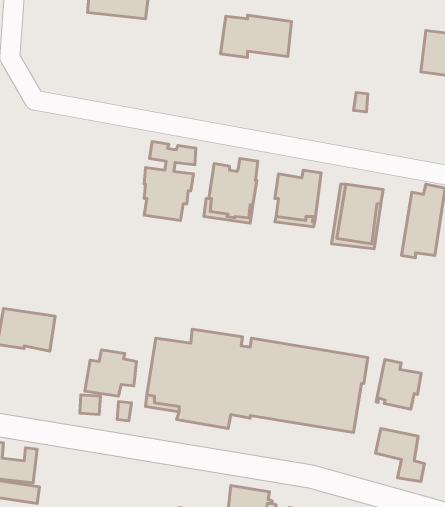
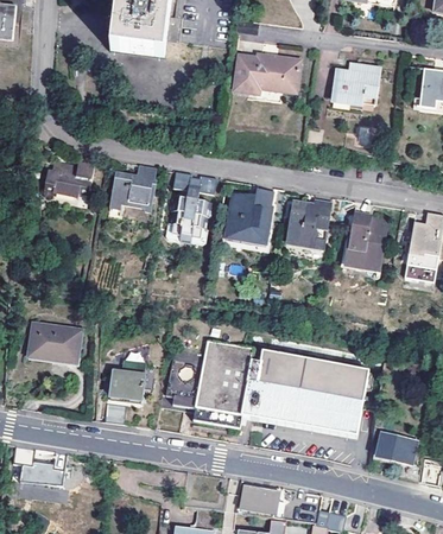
building: none -> [333,64,381,103]
building: none -> [39,157,90,197]
building: none -> [106,164,153,209]
building: [376,360,421,409] -> none

